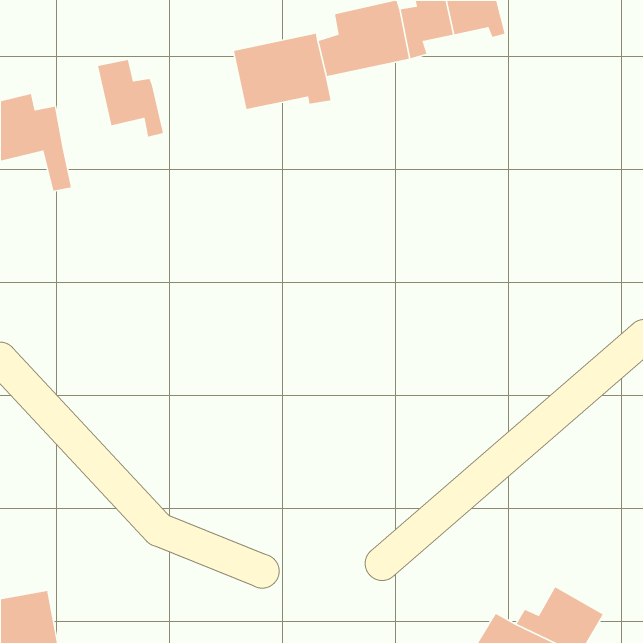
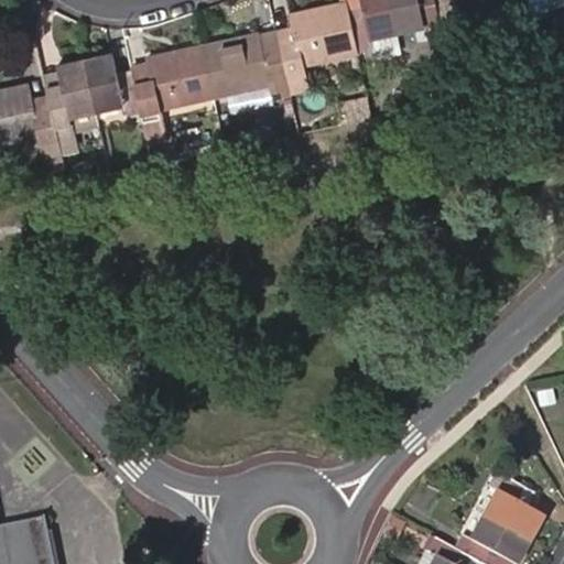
building: none -> [134,45,216,141]
building: none -> [47,58,98,130]
building: none -> [486,470,542,538]

